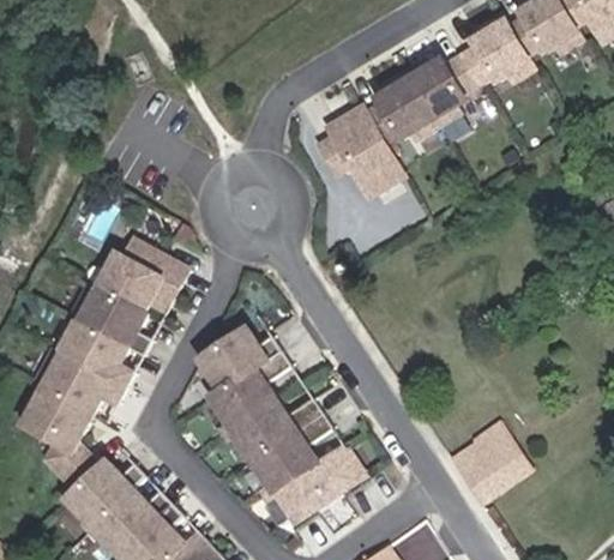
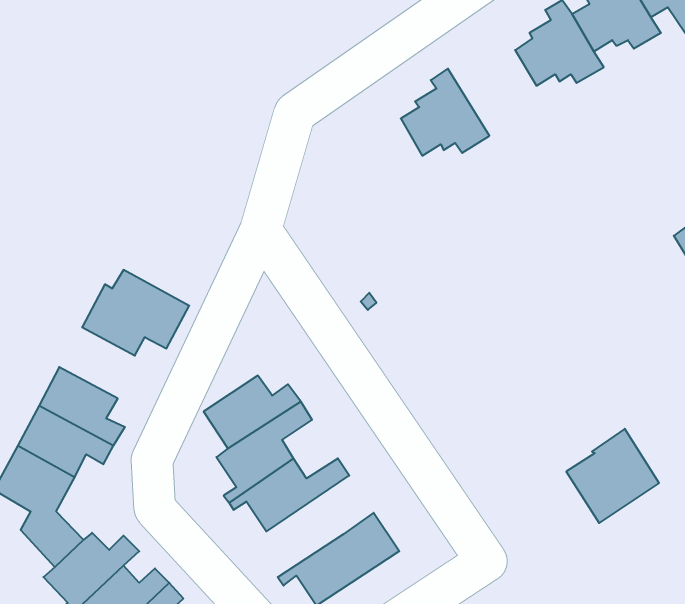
building: [404,55,478,127] -> none
building: [318,108,403,197] -> none
building: [78,288,150,355] -> none
building: [252,413,332,498] -> none
building: [449,422,526,501] -> [566,429,659,523]

